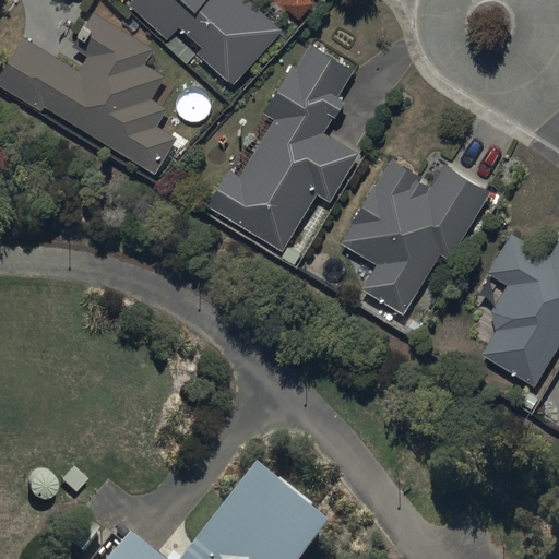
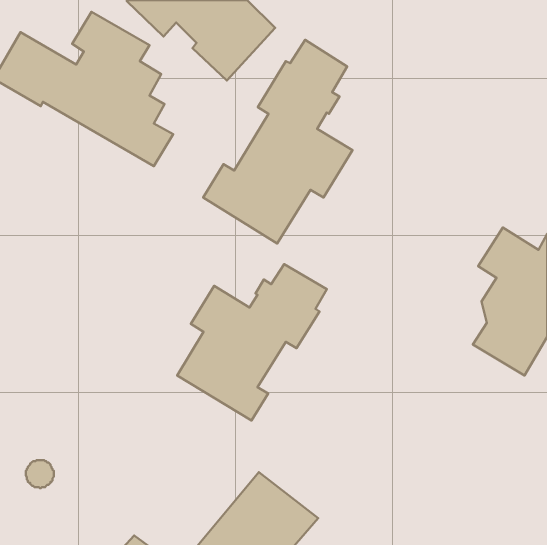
building: [342,159,489,313] -> none
building: none -> [177,264,327,420]

